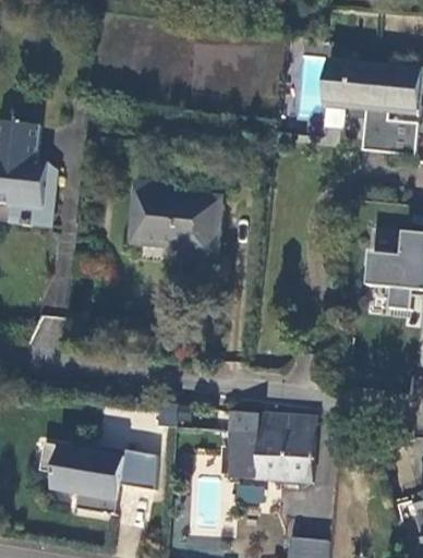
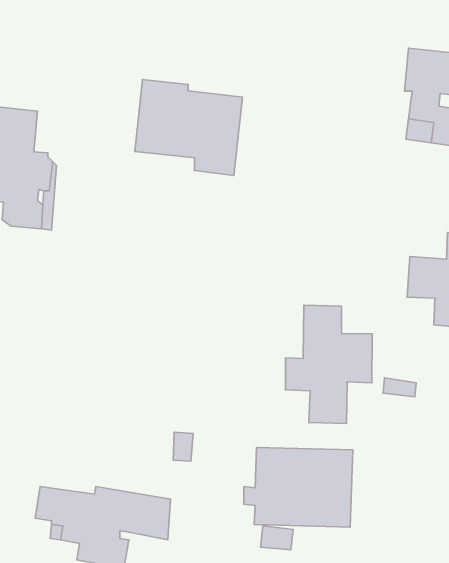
building: [324,64,361,105] -> none
building: [130,181,222,264] -> [135,79,243,175]
building: none -> [286,305,372,423]

